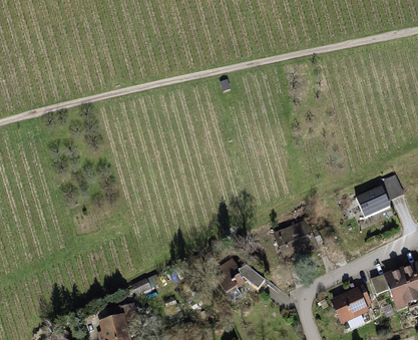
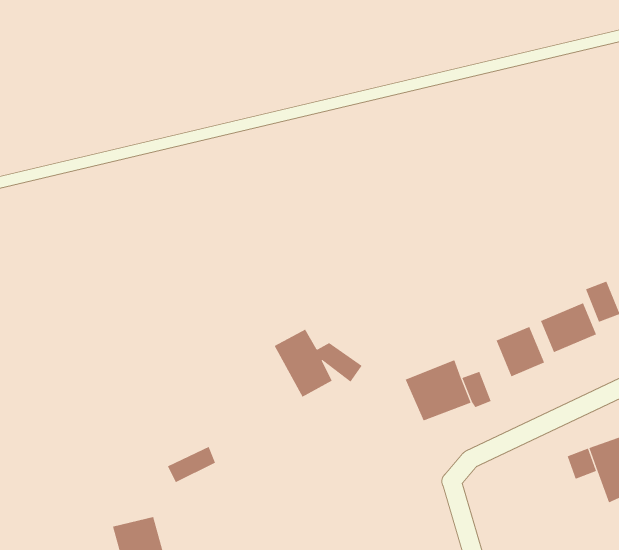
building: none -> [496,326,545,377]
building: [215,260,268,301] -> [274,329,362,397]
building: [332,286,371,322] -> none

